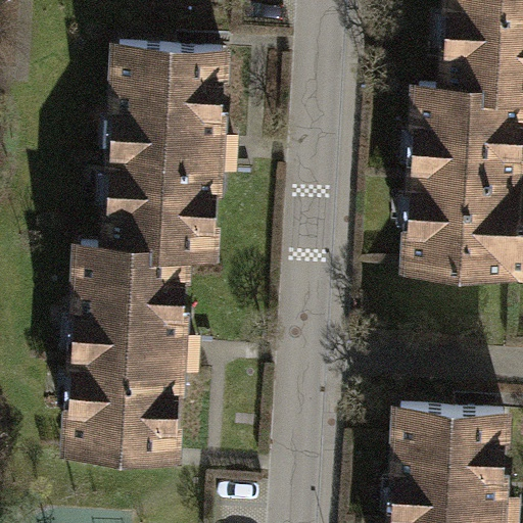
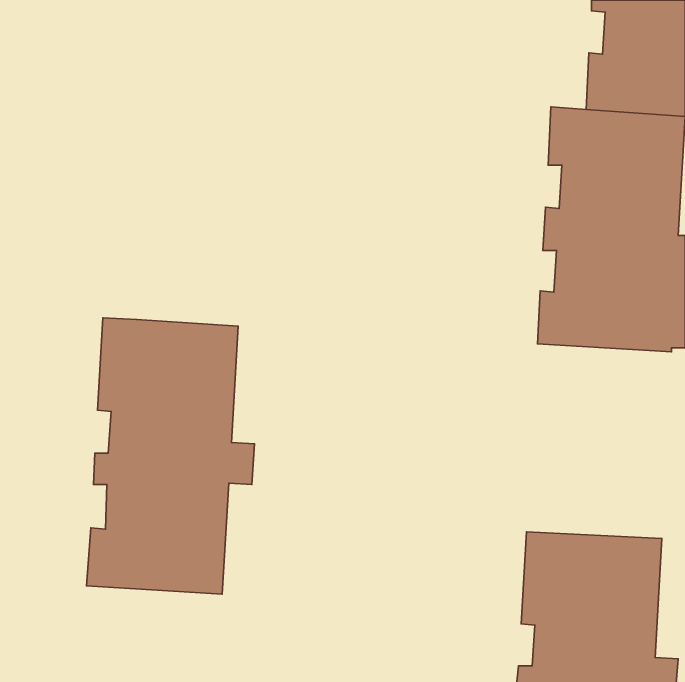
building: [103,46,231,254] -> none

